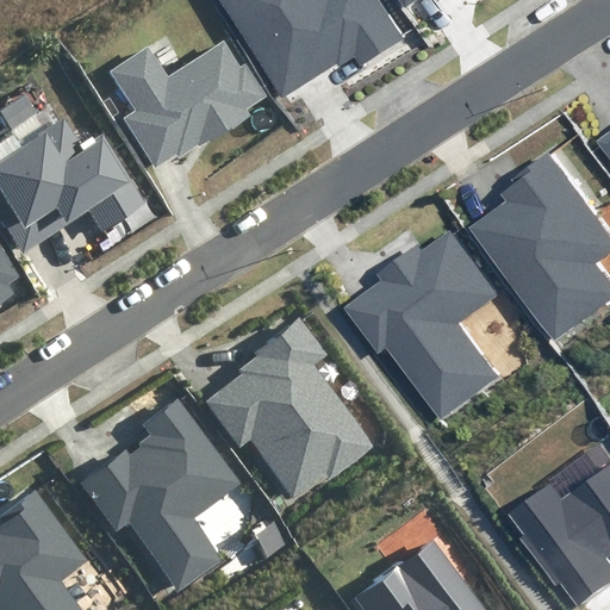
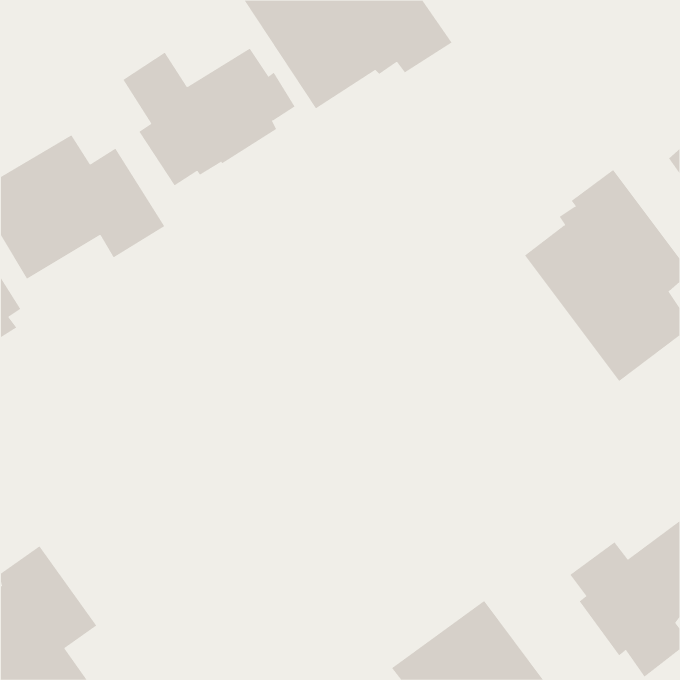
building: [344,230,502,421] -> none
building: [204,317,373,496] -> none
building: [80,400,242,592] -> none

